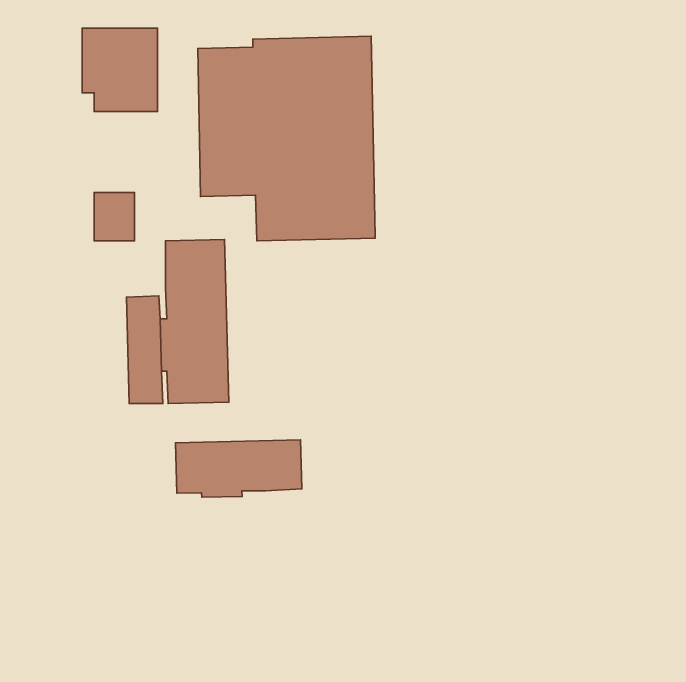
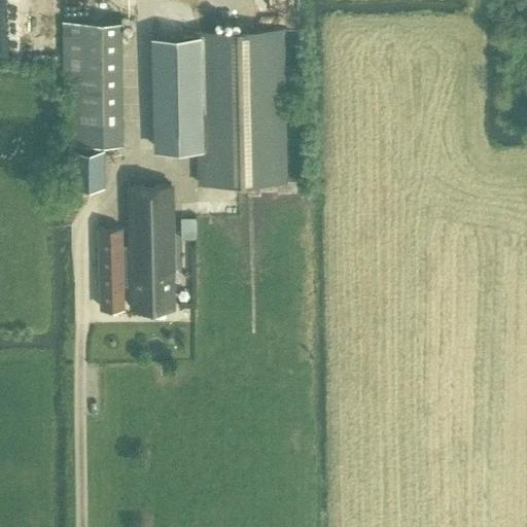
building: none -> [73,90,122,148]
building: [175,440,302,497] -> none

